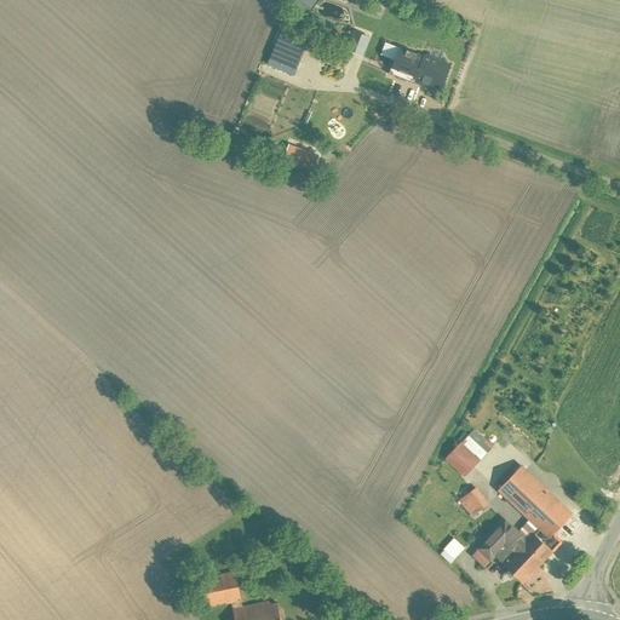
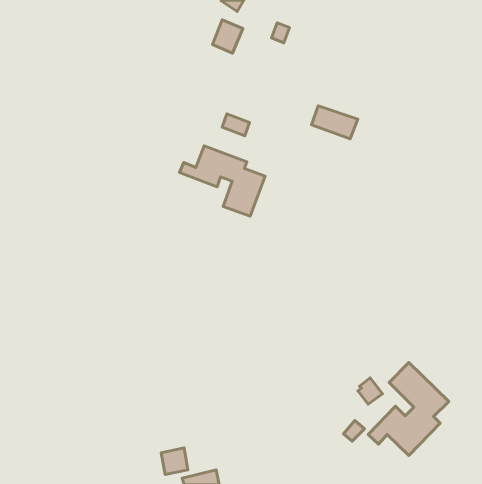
building: [391,47,450,90] -> [311,106,358,139]
building: none -> [180,146,265,216]
building: [444,436,486,477] -> none

